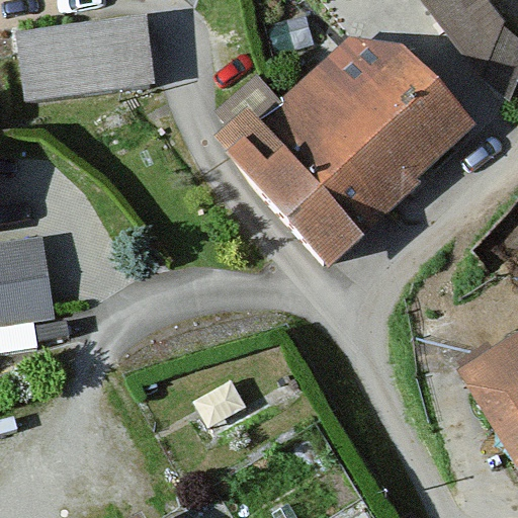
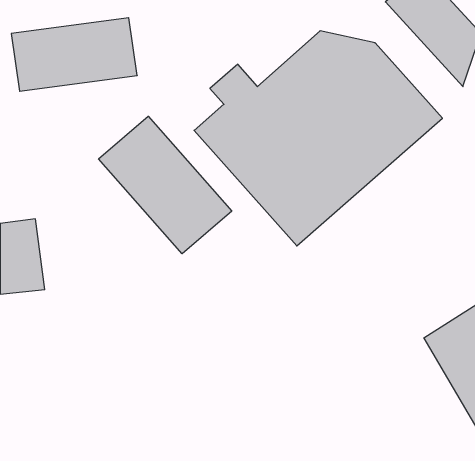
building: none -> [99,116,232,254]

